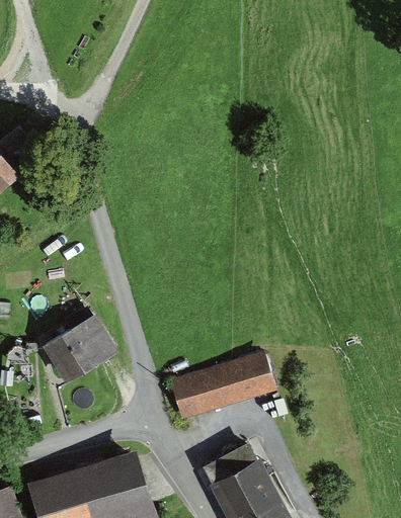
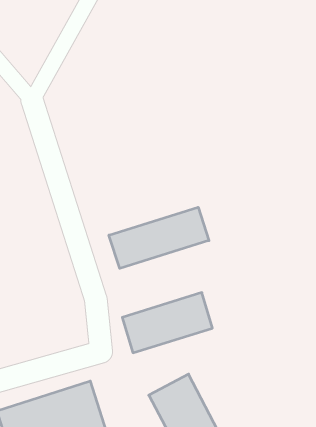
building: none -> [109,207,209,268]
building: [43,313,119,382] -> none

